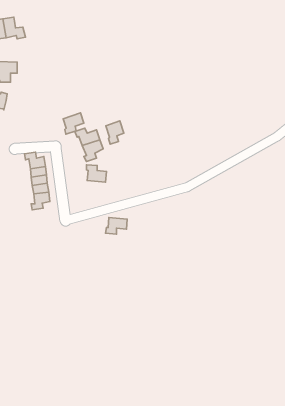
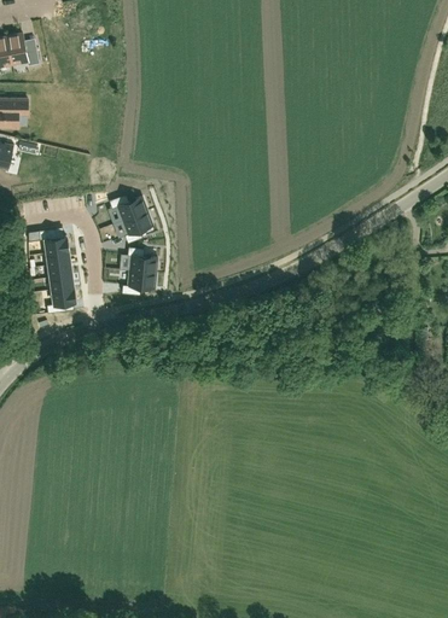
building: [63,113,84,134] -> none
building: [106,121,124,144] -> none
building: [106,217,127,234] -> [124,270,156,295]

